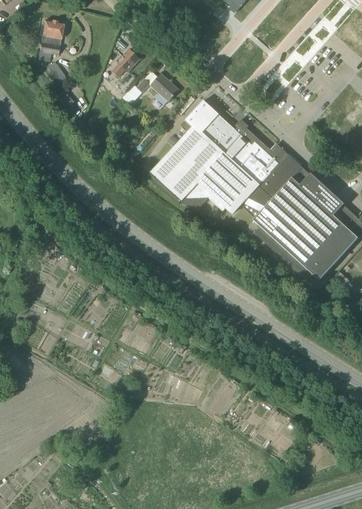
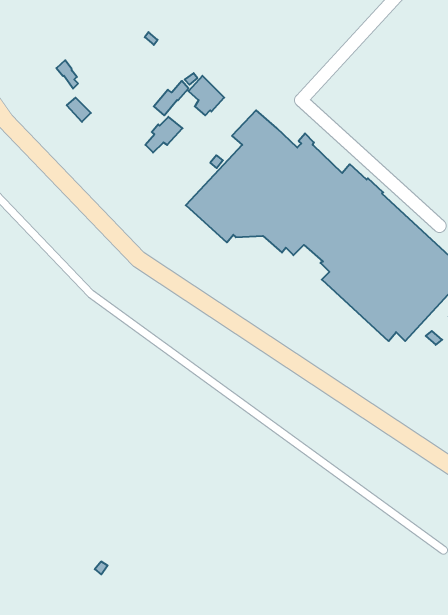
building: [38,20,63,61] -> none
building: [111,49,140,77] -> [145,117,183,153]

